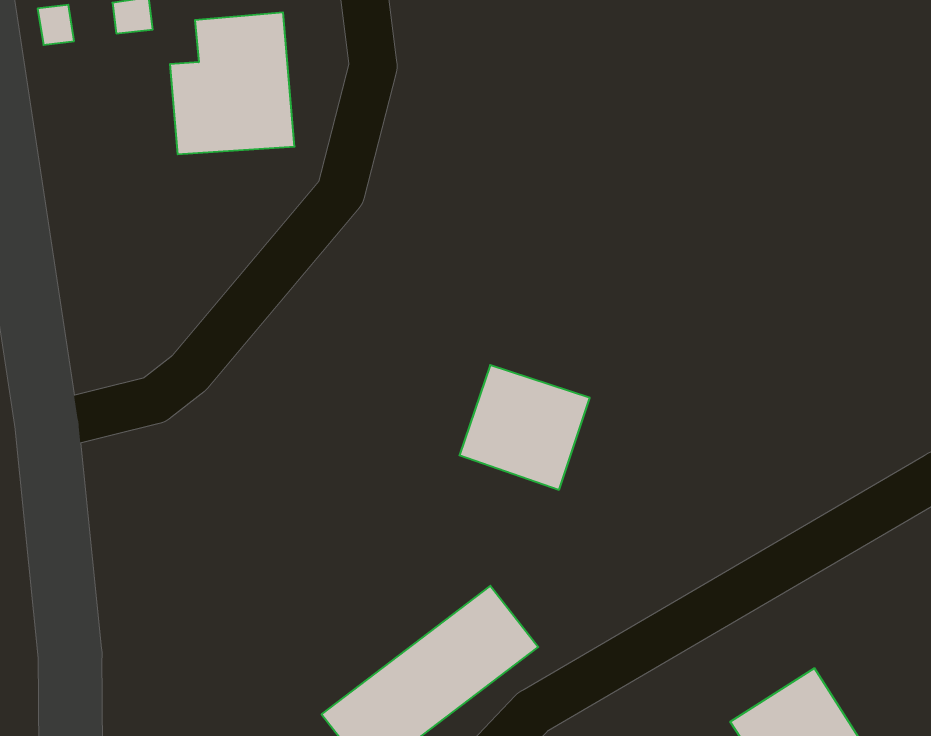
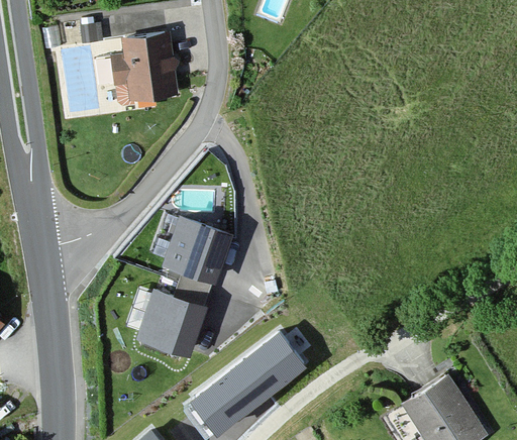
building: [459,365,590,490] -> [162,217,230,283]
building: none -> [136,289,206,355]

